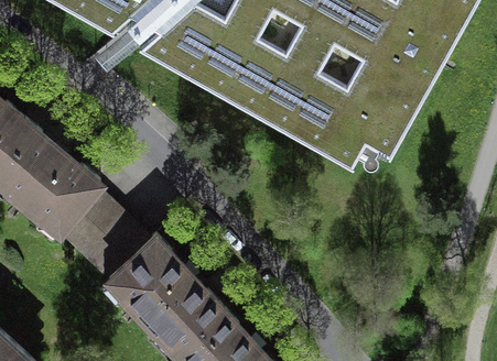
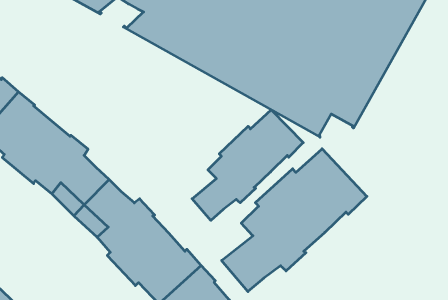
building: none -> [192,110,303,220]
building: none -> [222,149,367,292]

